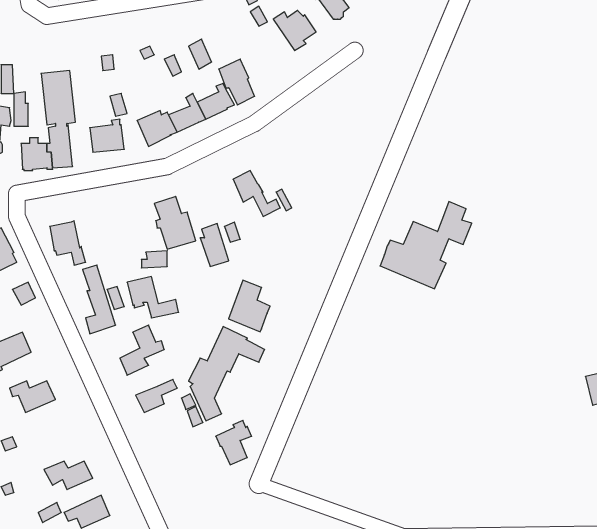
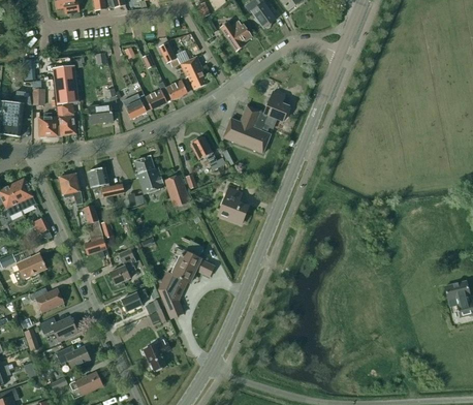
building: [380,202,472,289] -> [223,90,289,153]
building: [127,277,179,318] -> [87,166,124,196]
building: [229,280,270,332] -> [218,187,248,224]
building: none -> [38,316,77,340]
building: [216,420,252,465] -> [144,338,169,370]

